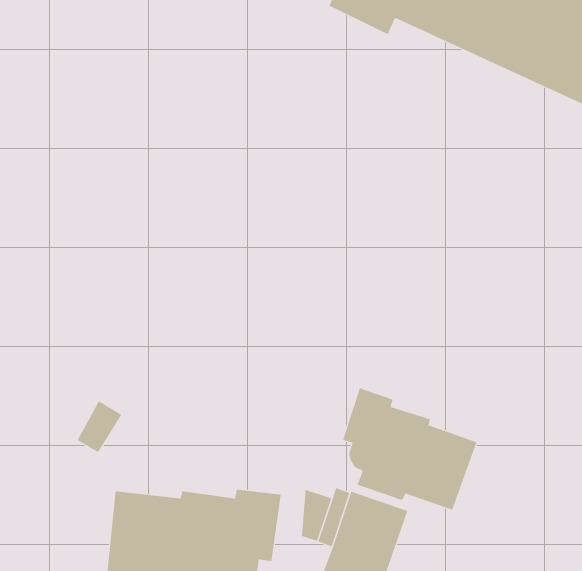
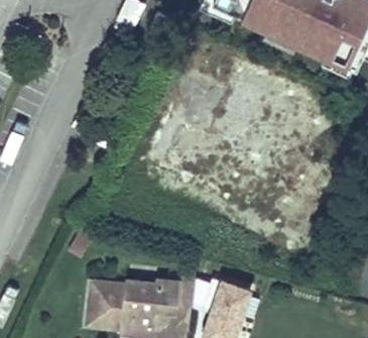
building: [342,388,477,510] -> none

